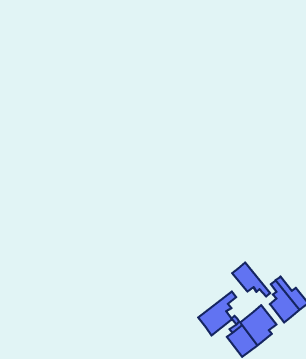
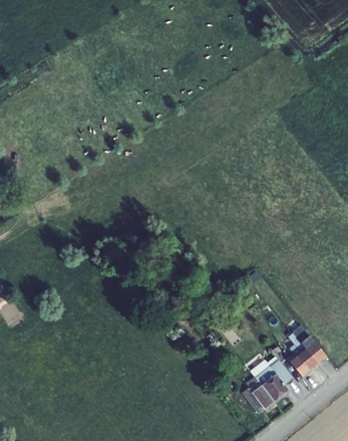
building: [232,262,270,297] -> none
building: [198,291,236,335] -> none

